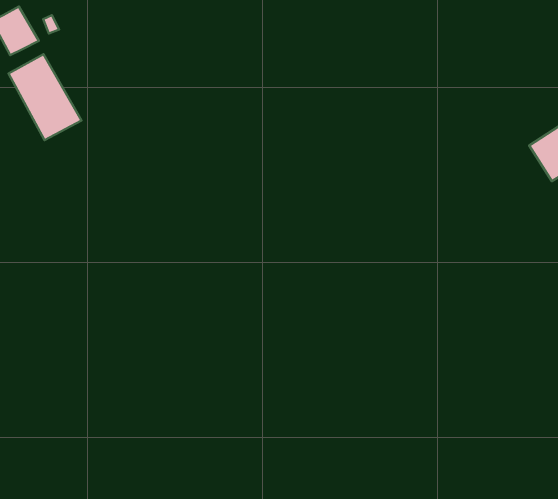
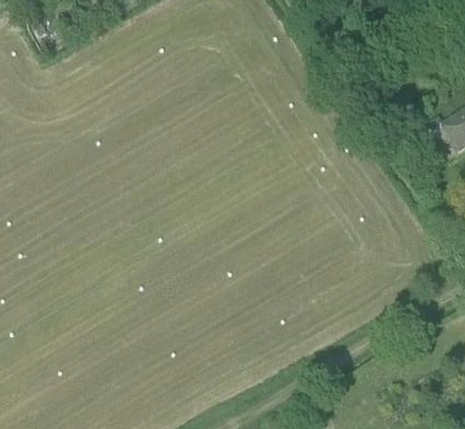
building: [8,54,81,140] -> none

